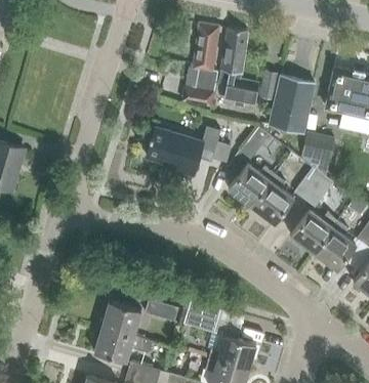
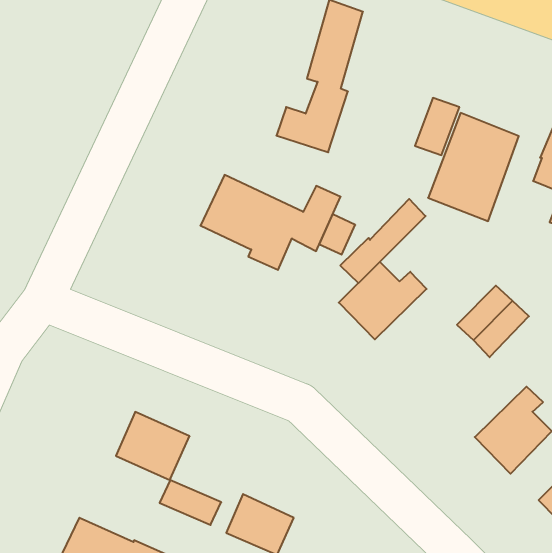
building: [219,29,257,109] -> none
building: [300,132,334,172] -> none
building: [250,175,293,223] -> none
building: [290,210,337,253] -> none
building: [101,302,140,337] -> [116,412,190,480]

